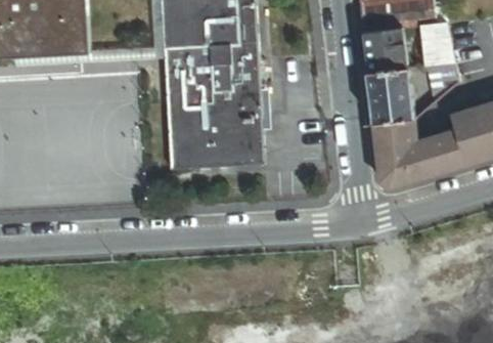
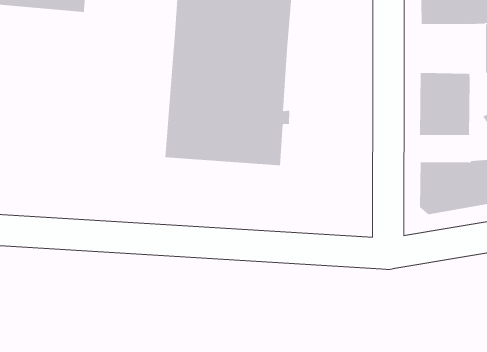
building: [363,27,406,71] -> none
building: [373,117,417,143] -> none

